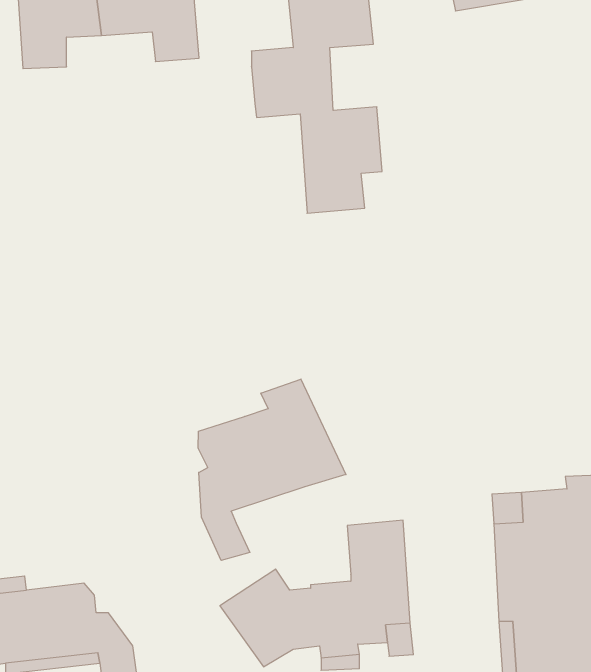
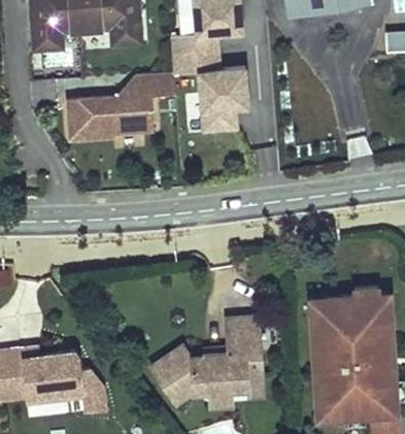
building: none -> [64,75,172,141]
building: [198,379,346,560] -> none

